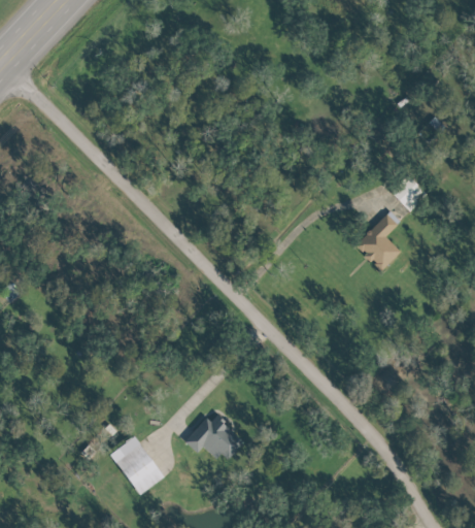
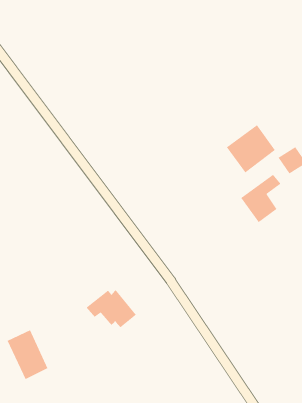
building: none -> [226,124,276,174]
building: [183,416,244,460] -> [85,289,137,328]

